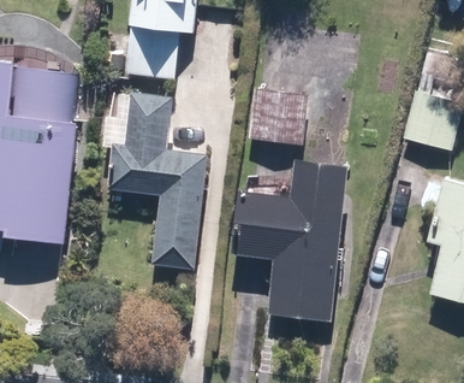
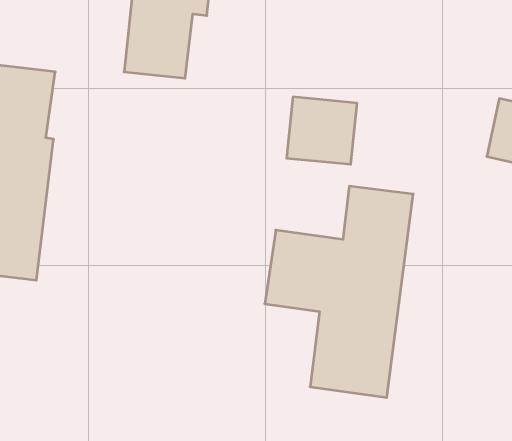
building: [109,92,206,267] -> none

